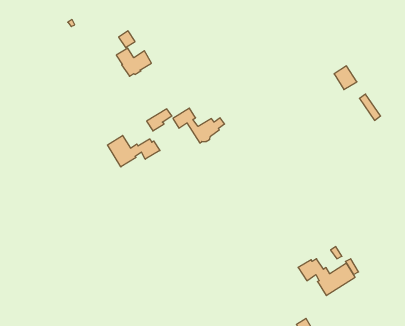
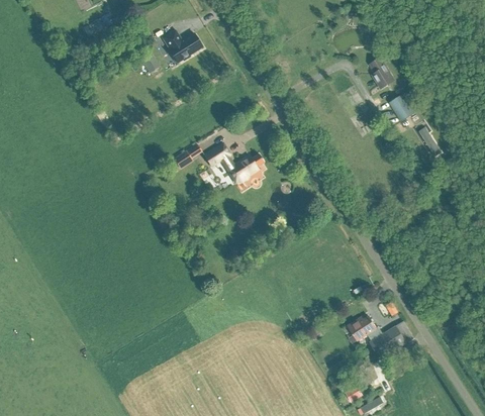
building: none -> [370,58,393,89]
building: [116,48,151,76] -> [161,30,201,63]
building: [107,135,160,167] -> none

